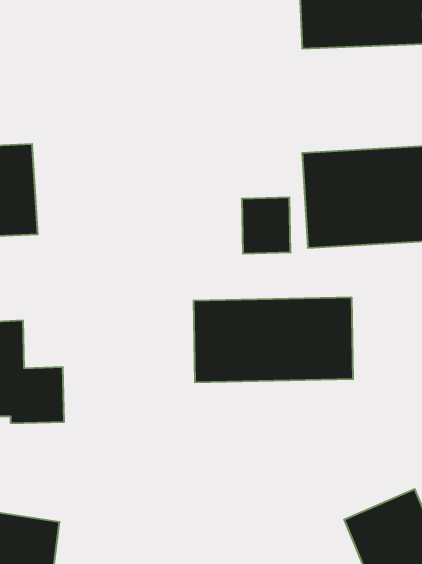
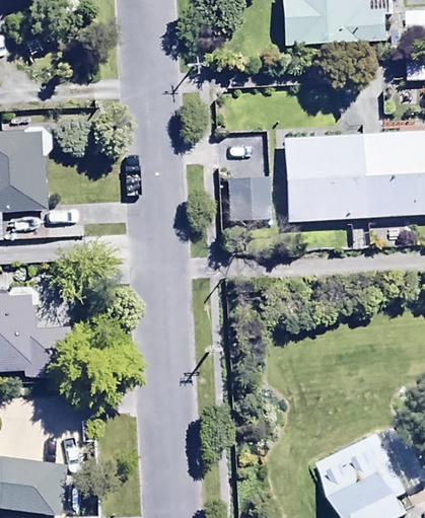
building: [194,297,353,382] -> none

